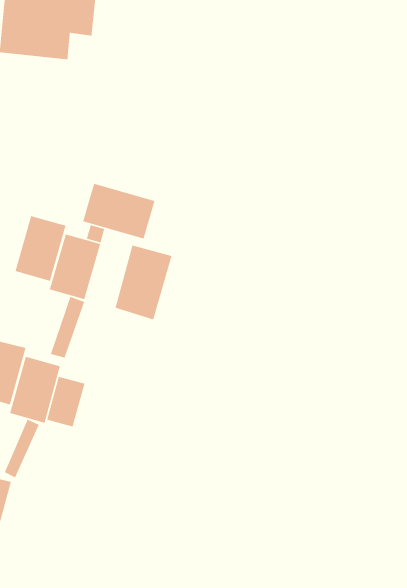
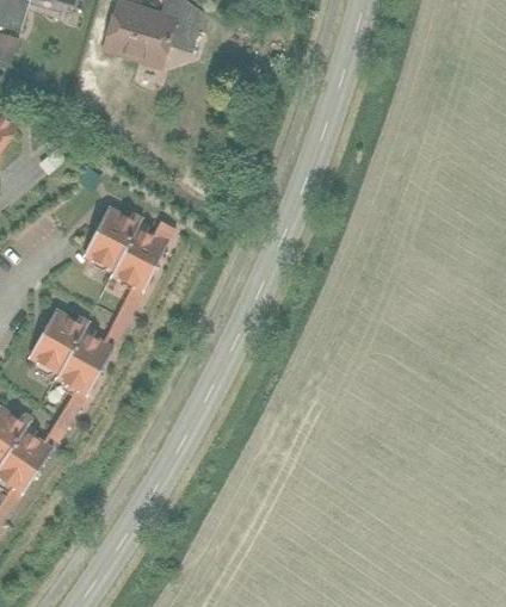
building: [82,183,155,239] -> none
building: [114,244,172,321] -> none
building: [46,376,86,427] -> none

